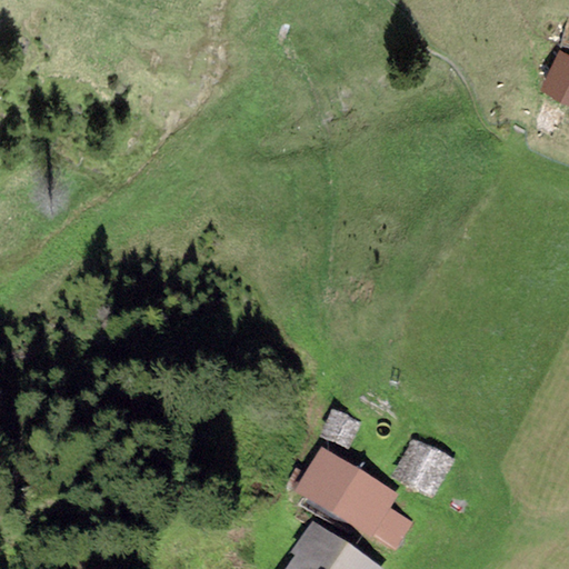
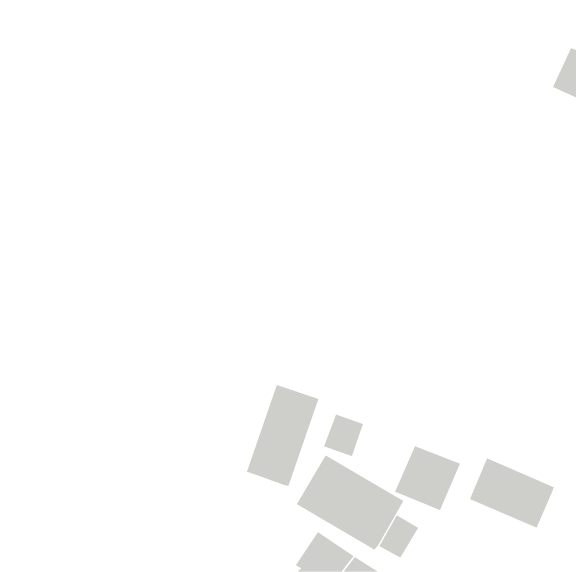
building: none -> [246,384,319,487]
building: none -> [469,458,555,528]

